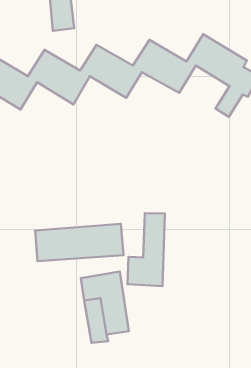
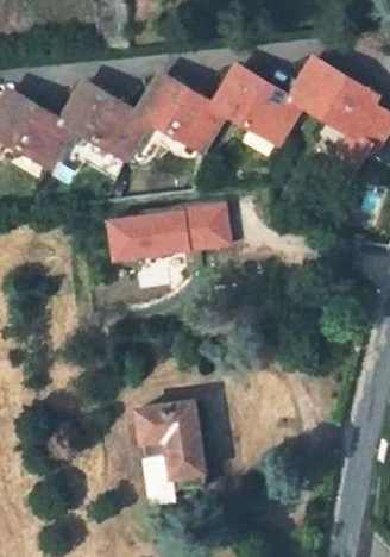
building: [128,213,165,286] -> none
building: [35,224,123,261] -> [100,204,227,257]

